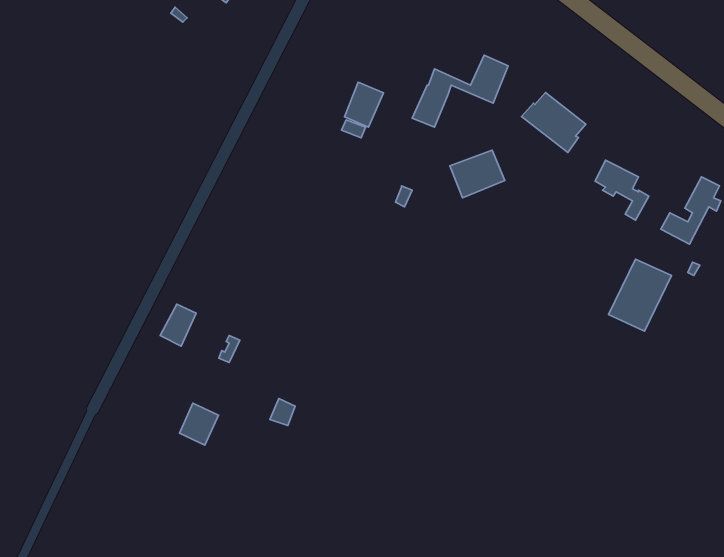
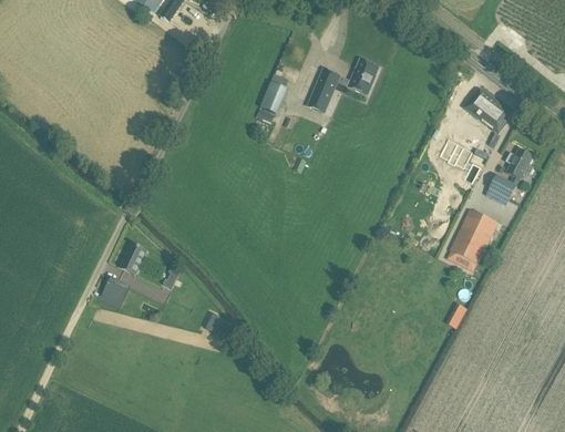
building: [521,93,586,153] -> [464,88,512,132]
building: [450,150,505,198] -> none
building: [179,403,218,445] -> [101,276,130,307]

